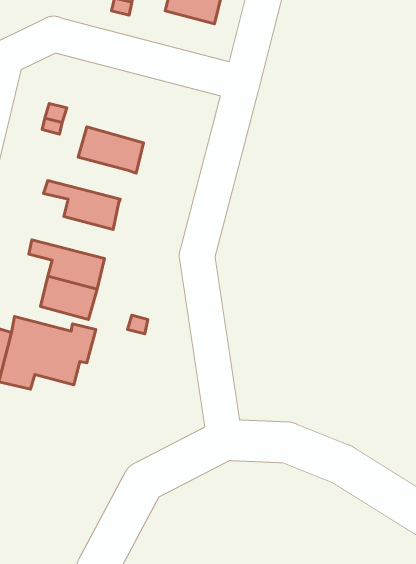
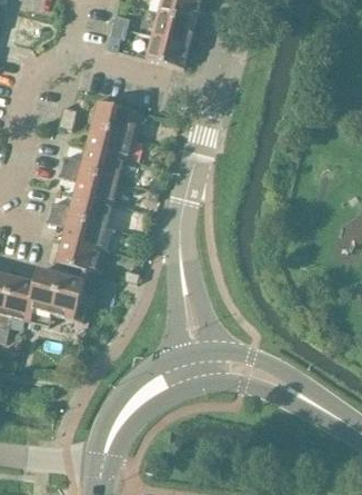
building: none -> [145,34,190,68]
building: none -> [92,100,142,136]
building: none -> [62,147,123,179]
building: none -> [50,192,112,225]

